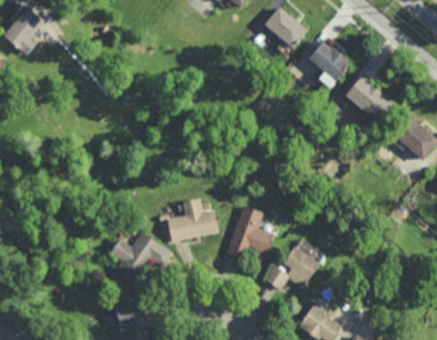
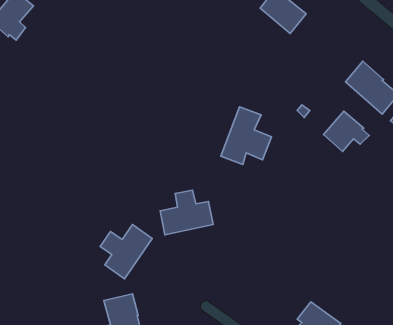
building: [310,40,350,86] -> none
building: none -> [324,111,369,151]
building: [226,204,275,260] -> [221,107,272,164]
building: [264,246,319,289] -> none

